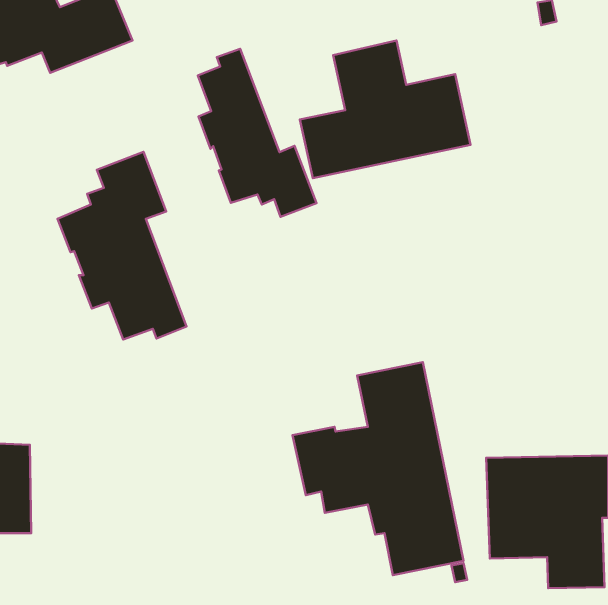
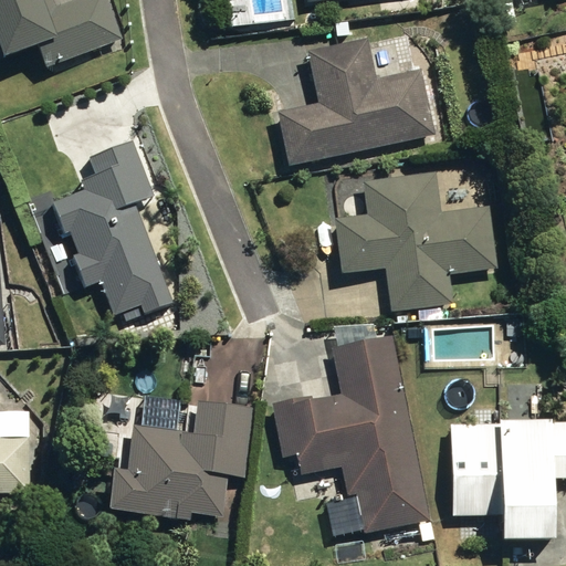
building: [198,49,316,217] -> none
building: none -> [336,171,496,311]
building: none -> [112,401,251,521]

